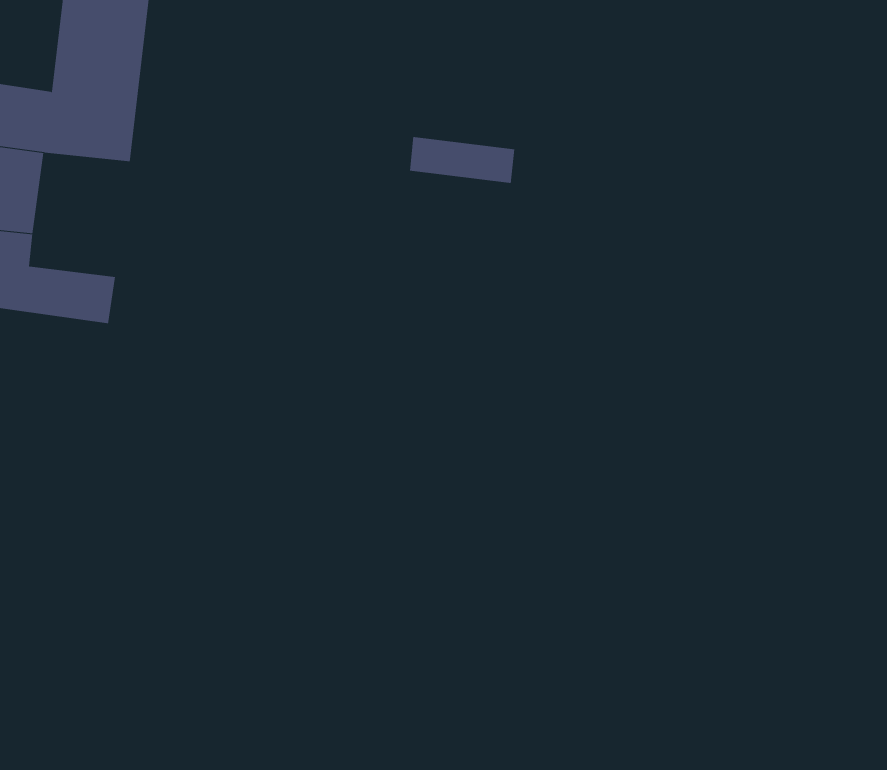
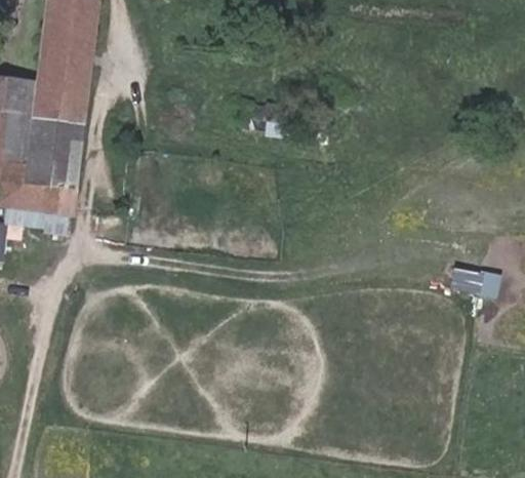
building: none -> [26,117,83,188]
building: none -> [454,265,503,291]

